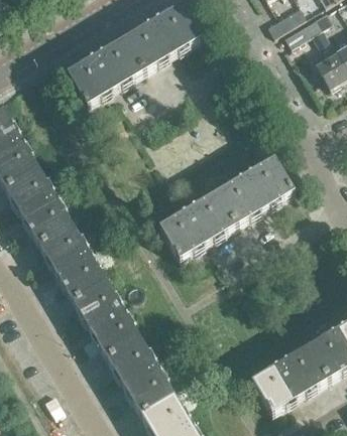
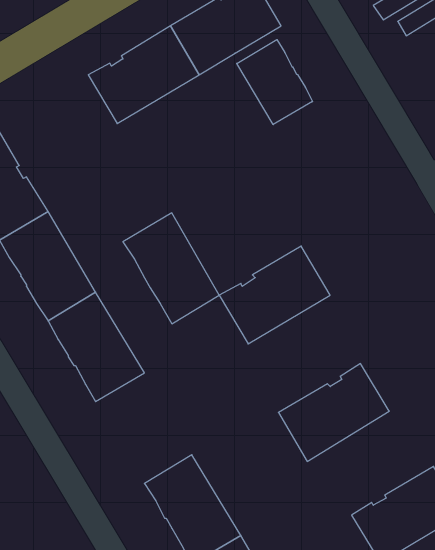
building: none -> [237,40,313,125]
building: [217,158,295,227] -> [278,364,389,461]
building: [73,281,140,358] -> [123,213,219,324]

